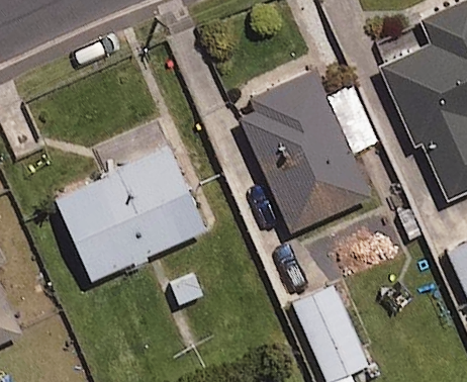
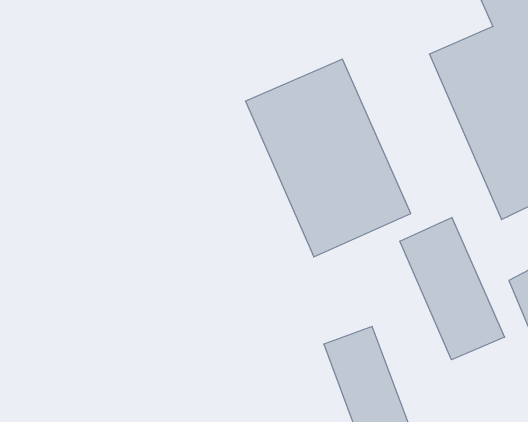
building: [57,149,204,281] -> none
building: none -> [400,217,505,360]

